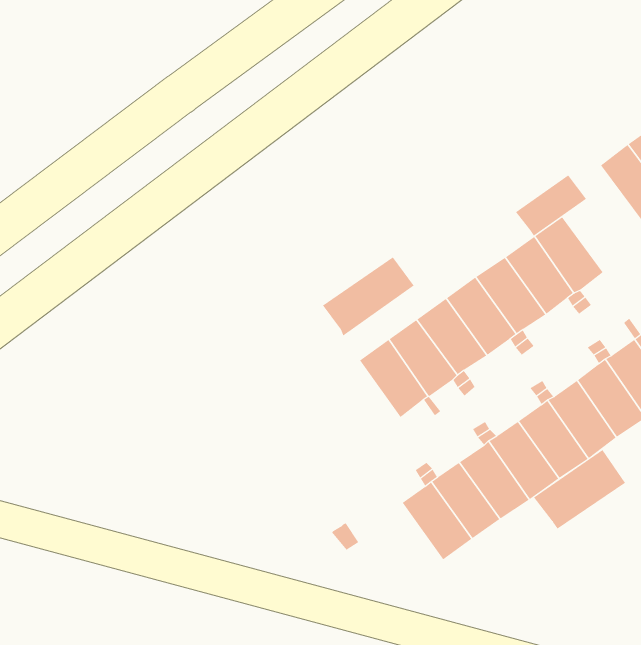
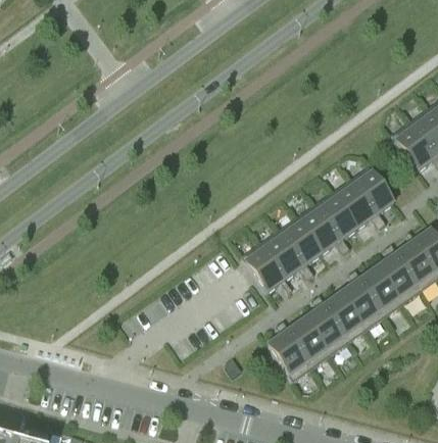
building: [515,174,587,237] -> none
building: [322,256,415,336] -> none
building: [533,449,626,529] -> none

